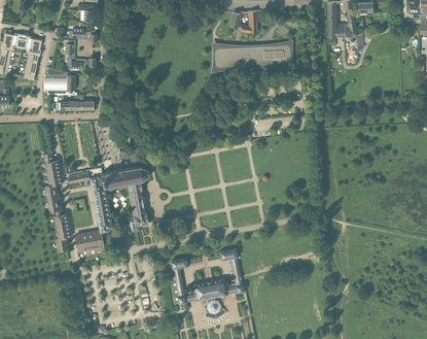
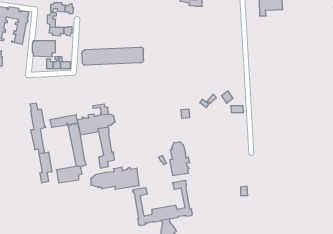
building: [213,45,290,67] -> [81,47,144,65]
building: none -> [170,142,190,176]
building: none -> [91,167,139,190]

